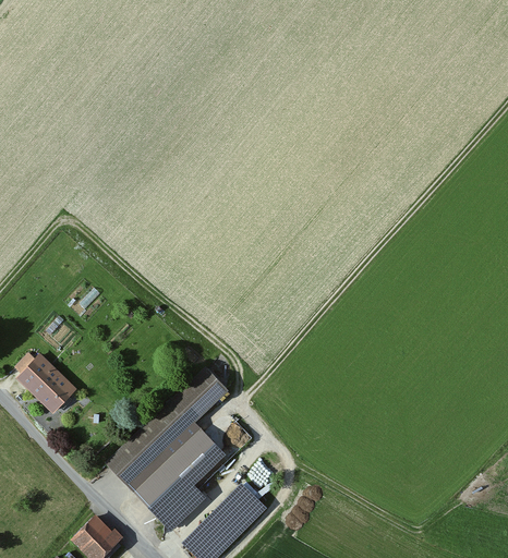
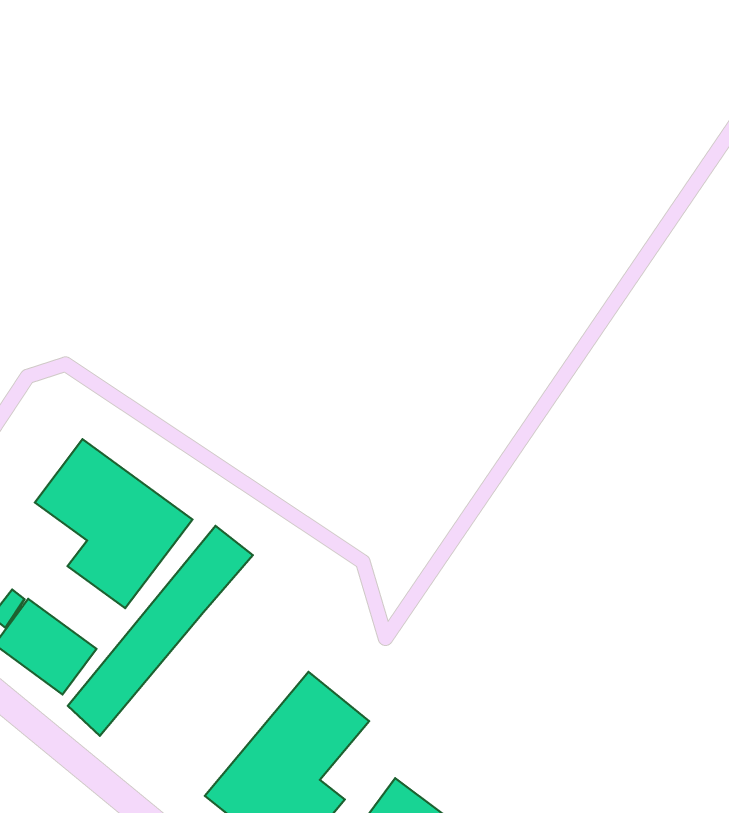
building: none -> [35,439,192,608]
building: [110,369,228,483] -> [68,526,253,736]

